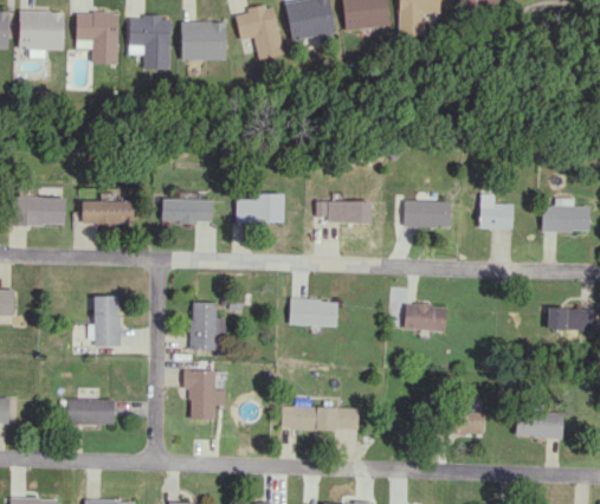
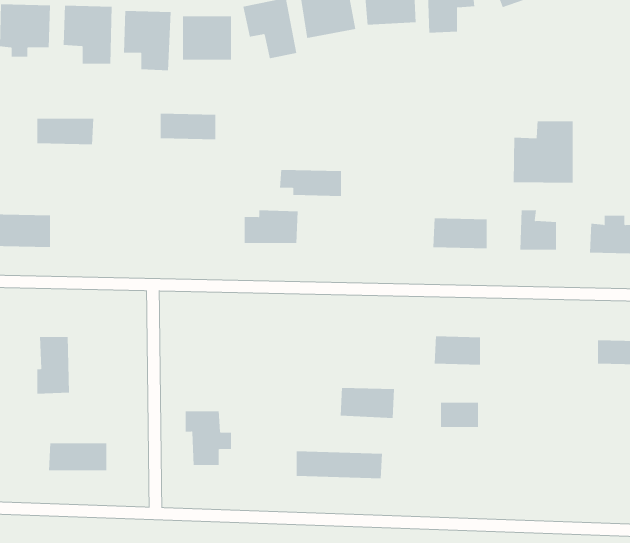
building: none -> [513,121,573,184]
building: [162,199,212,222] -> [160,113,216,140]
building: [315,200,370,224] -> [279,170,342,196]
building: [82,201,133,225] -> [36,118,94,145]
building: [91,296,121,347] -> [36,337,70,394]
building: [289,299,337,327] -> [340,388,395,418]
building: [191,302,225,350] -> none
building: [516,411,563,438] -> none
building: [450,412,484,434] -> [440,402,479,428]

